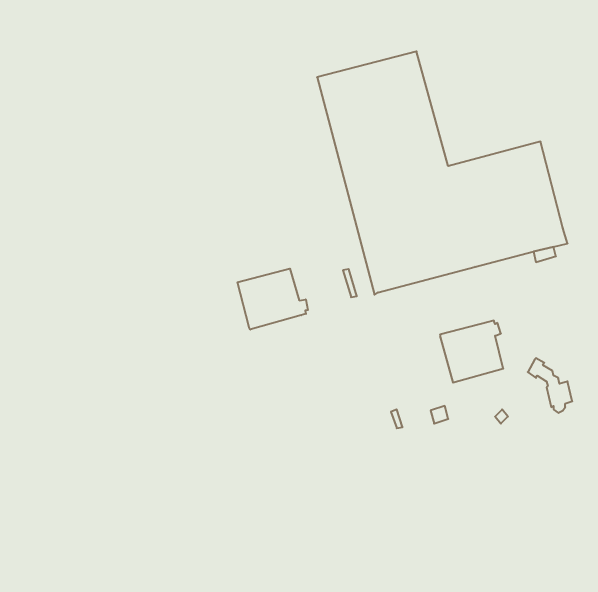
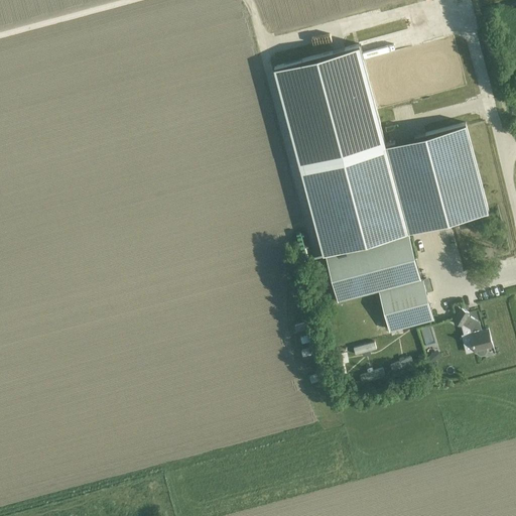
building: none -> [326,235,421,304]
building: [237,269,308,330] -> none

